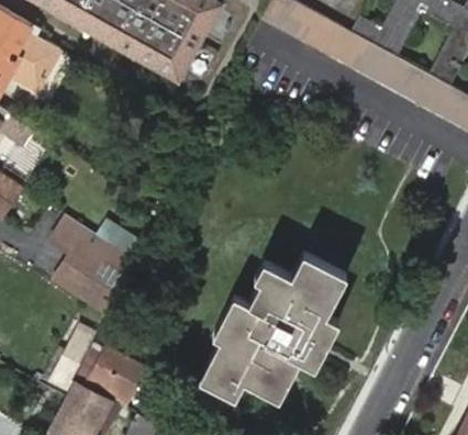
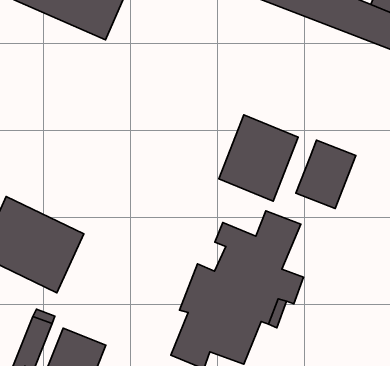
building: none -> [219,115,298,201]
building: none -> [296,140,356,209]

